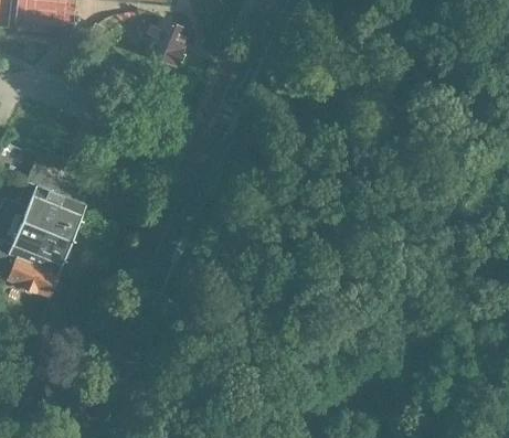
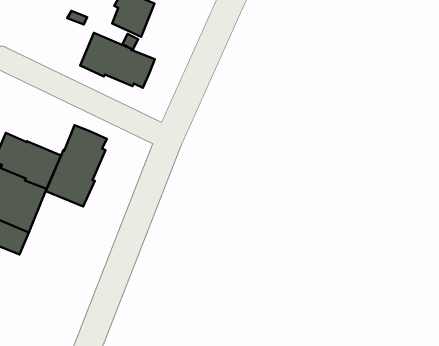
building: none -> [80,33,155,88]
building: none -> [46,125,107,206]

